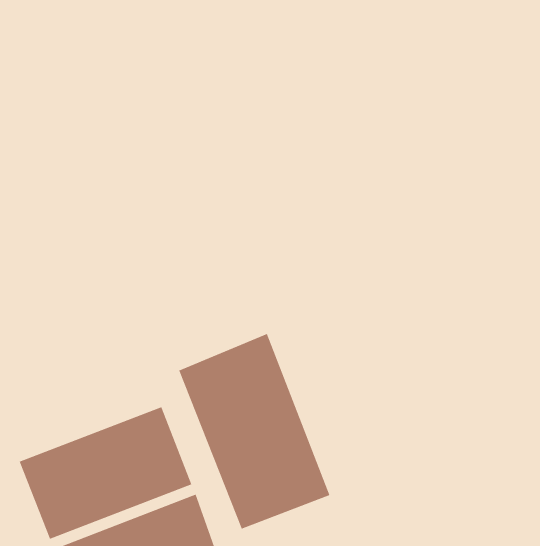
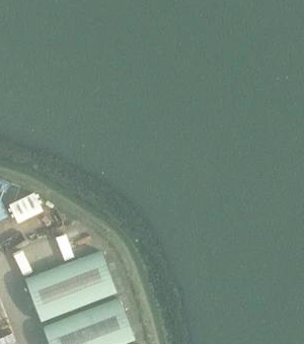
building: [178,333,330,529] -> none

